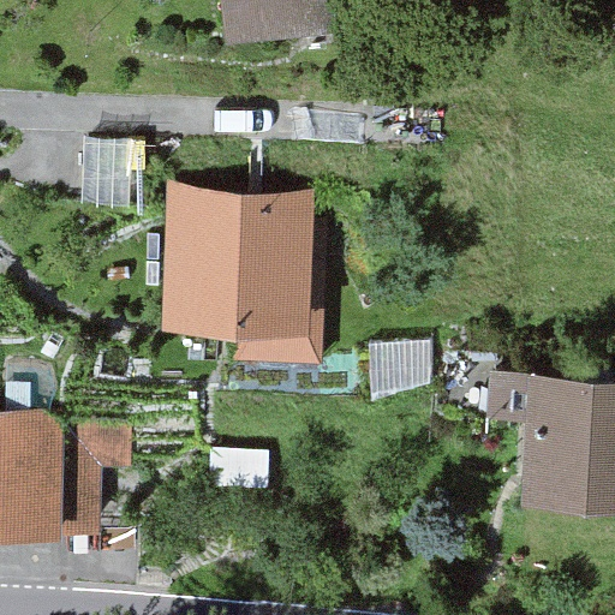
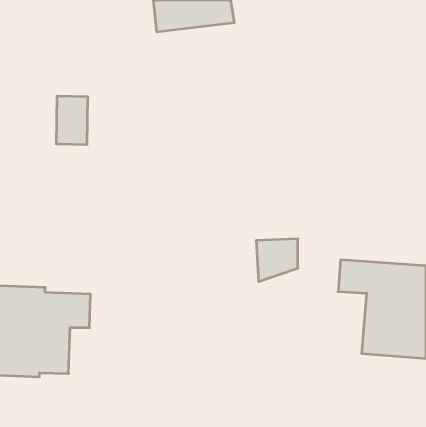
building: [162,184,323,366] -> none

